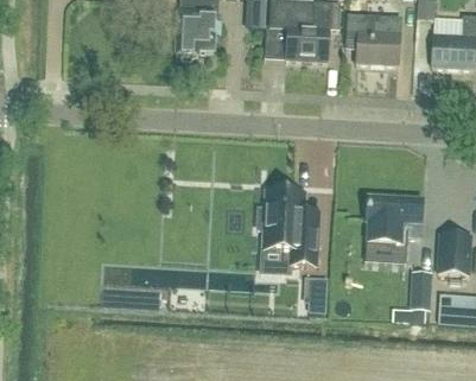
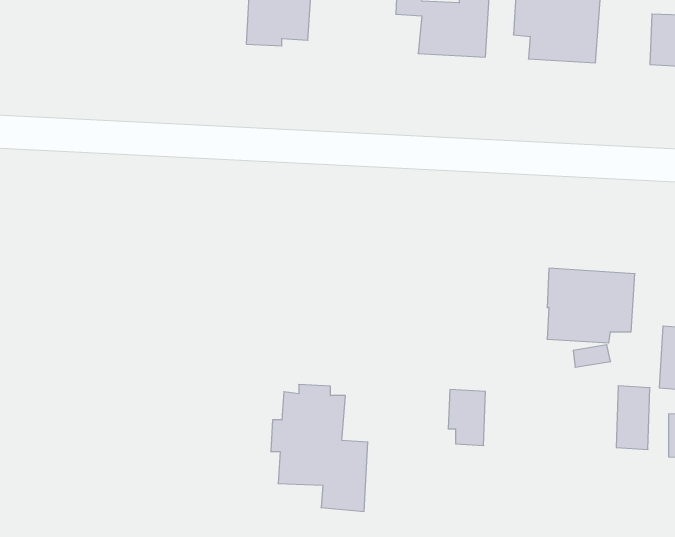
building: [259,185,320,266] -> [271,384,368,511]

